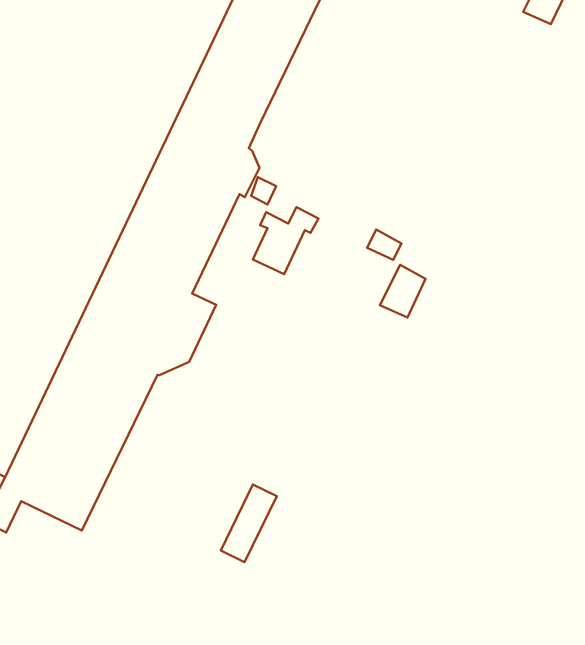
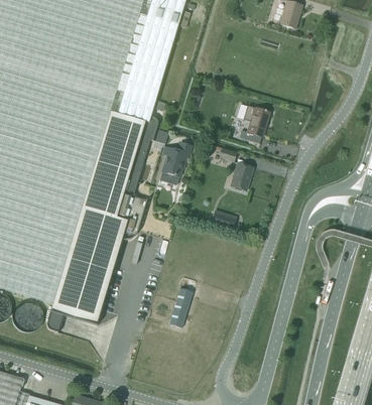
building: none -> [237,105,268,141]

